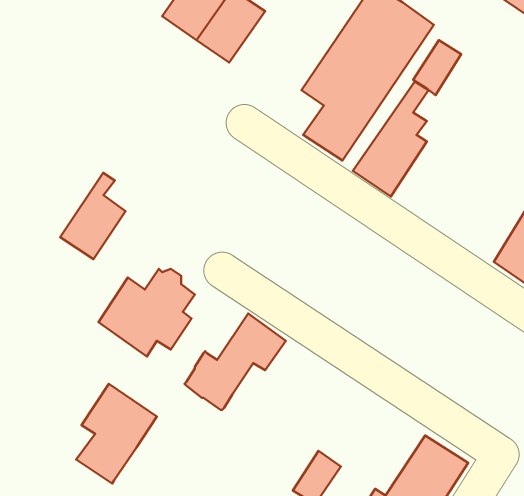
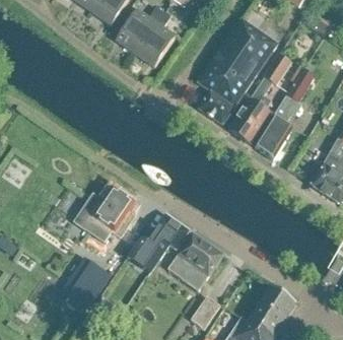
building: none -> [254,70,315,159]
building: [60,173,126,259] -> none
building: none -> [167,232,223,290]

